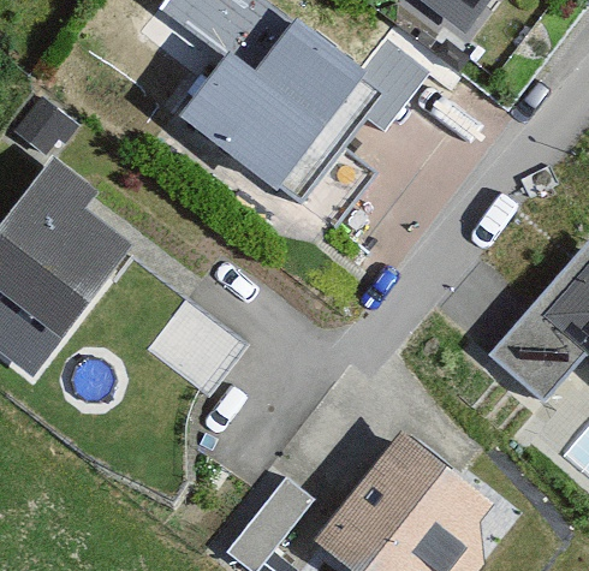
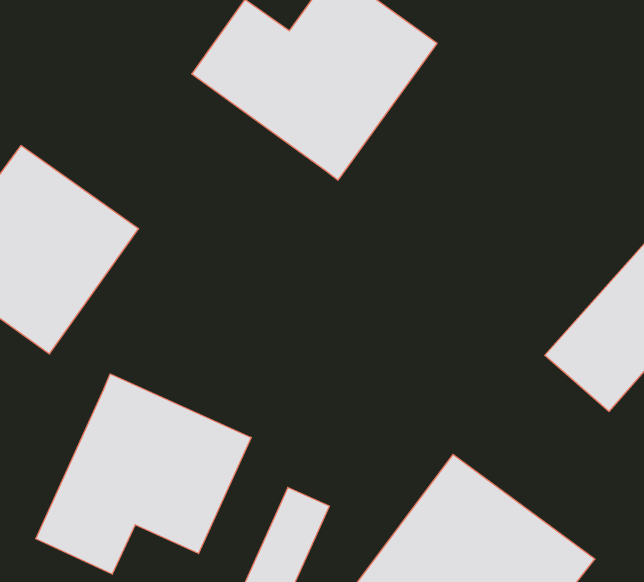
building: none -> [36,374,251,574]

